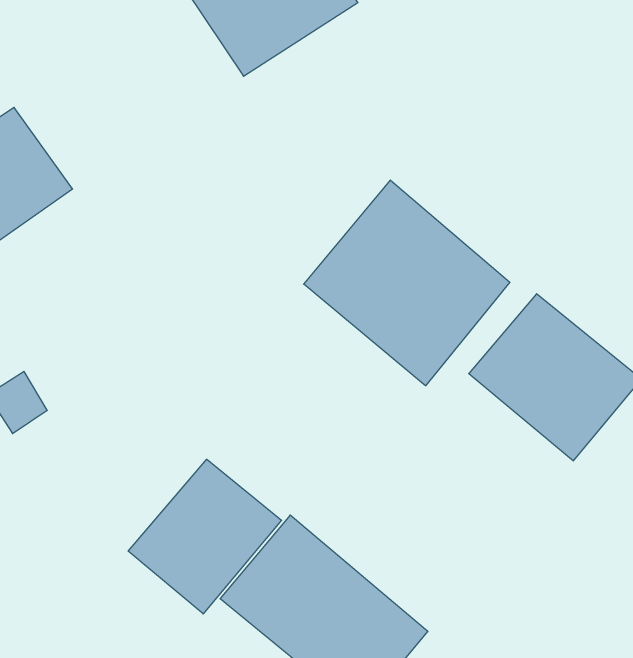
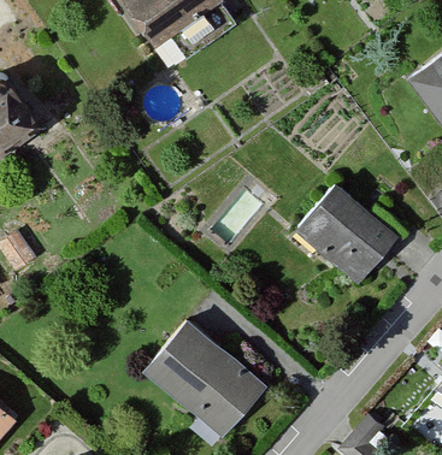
building: [304,180,510,386] -> none
building: [128,459,282,614] -> none

